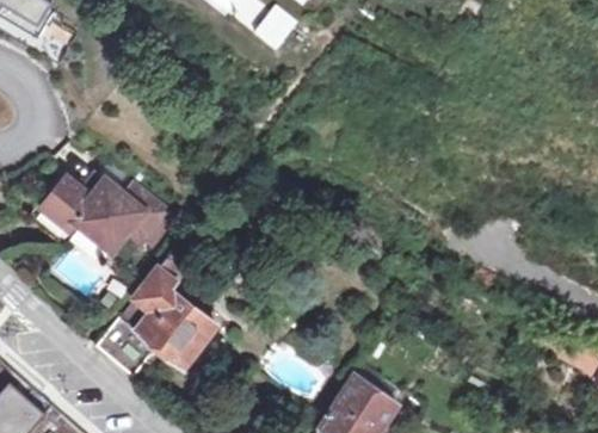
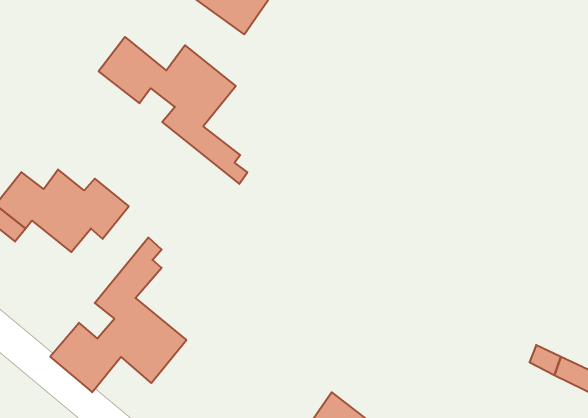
building: none -> [99,37,247,184]

